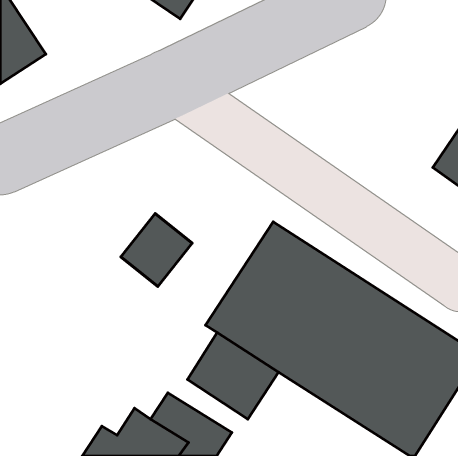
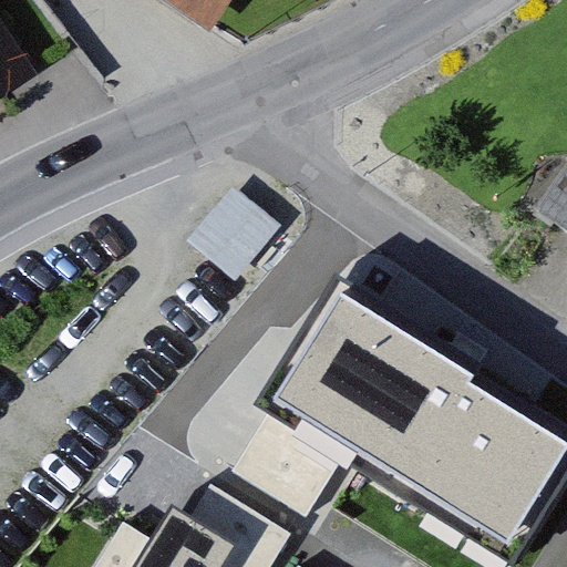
building: [121,213,192,286] -> [199,185,287,275]

